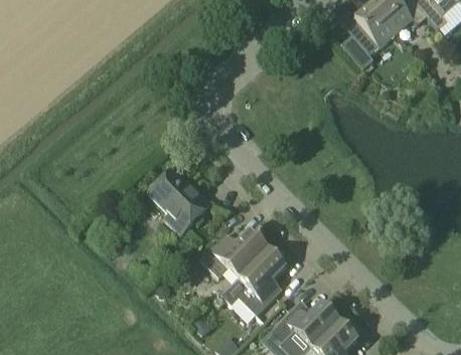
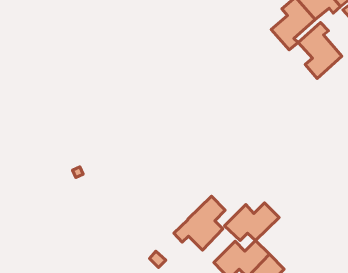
building: none -> [298,23,342,78]
building: [148,170,211,233] -> none
building: [200,230,268,277] -> [225,203,279,240]

